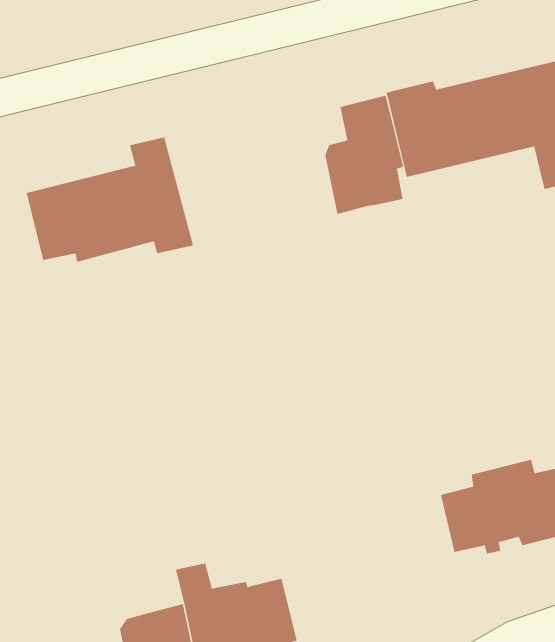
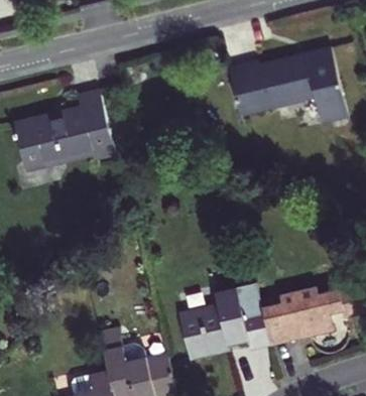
building: [325,95,404,215] -> none
building: none -> [178,287,271,358]

